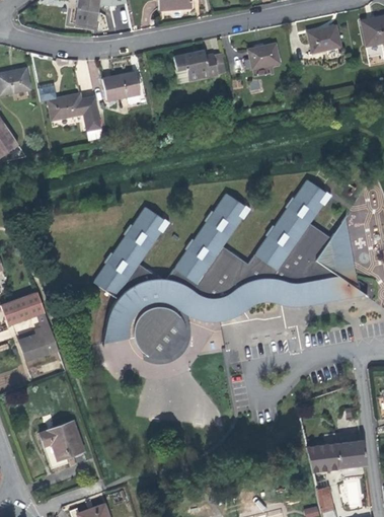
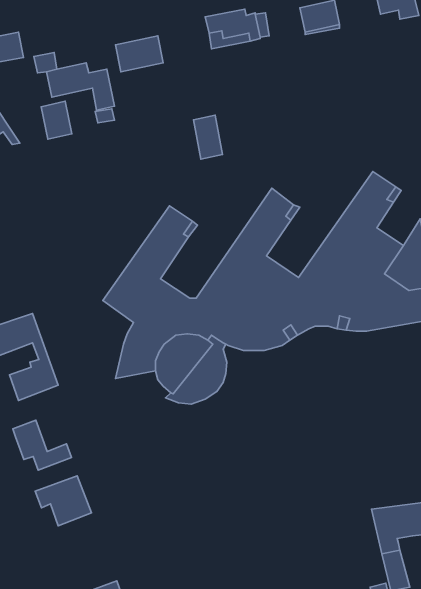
building: none -> [41,101,72,139]
building: none -> [193,115,223,159]
building: none -> [13,420,71,470]

